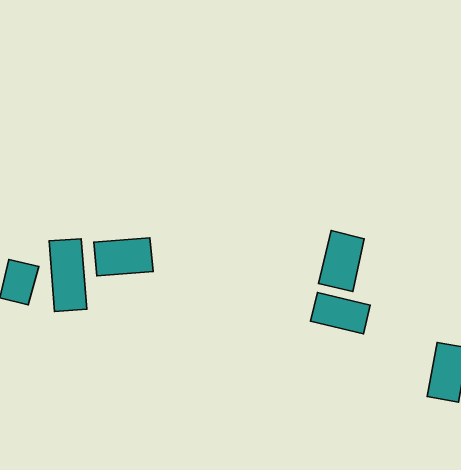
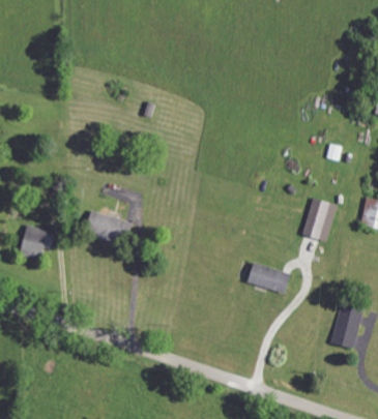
building: [319,231,364,292] -> [301,197,337,242]
building: [49,239,87,311] -> none

